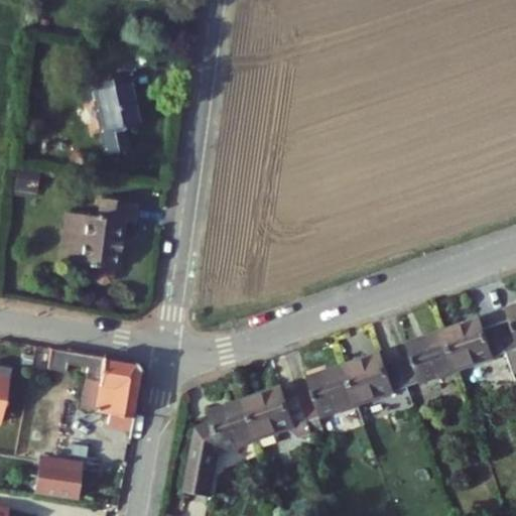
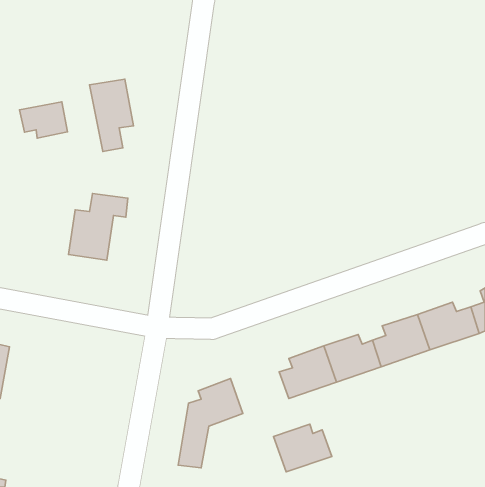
building: none -> [20,102,67,138]
building: [46,346,139,430] -> none
building: [244,387,305,437] -> [274,424,332,472]
building: [32,458,80,495] -> none

